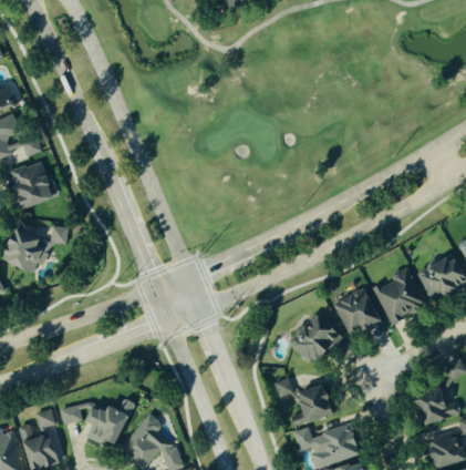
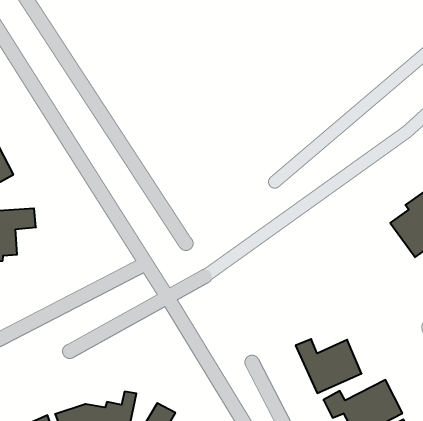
building: [333,288,381,338] -> none
building: [288,311,341,366] -> none

